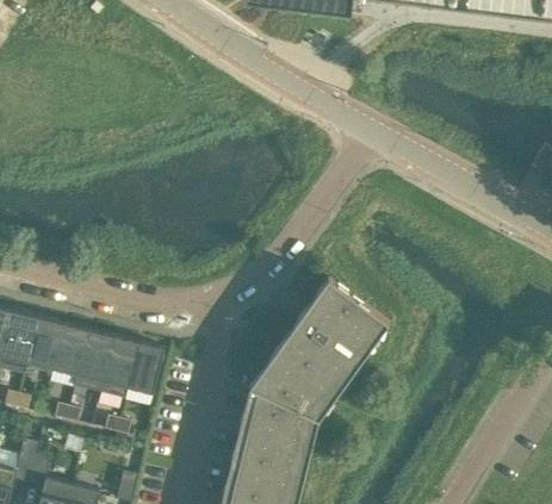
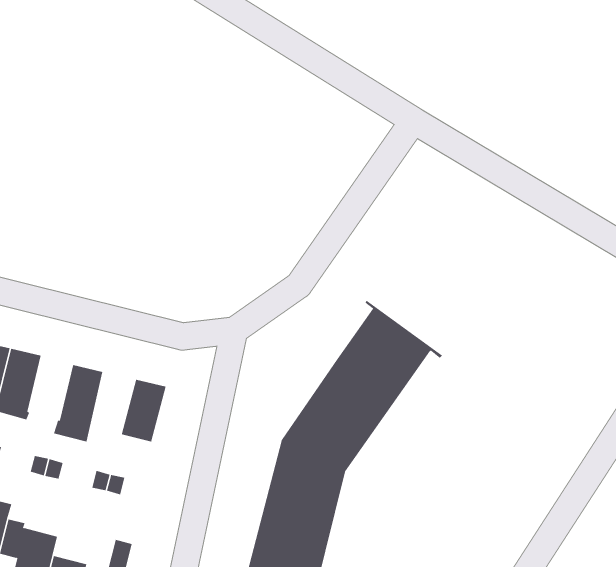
building: [51,323,87,375] -> none
building: [99,336,138,399] -> none

